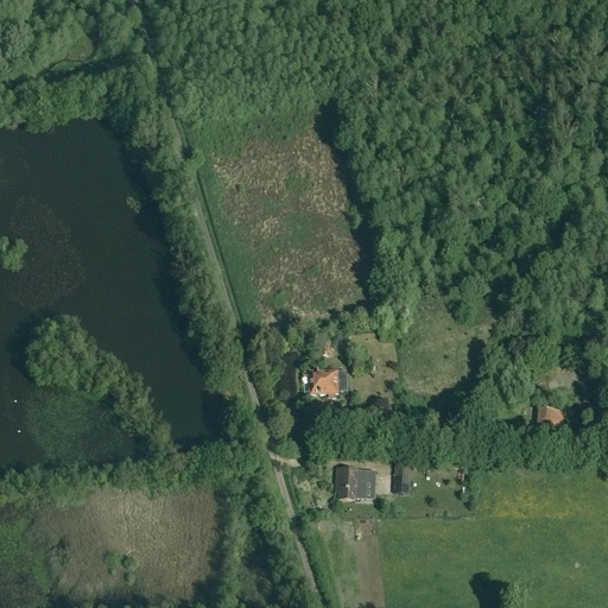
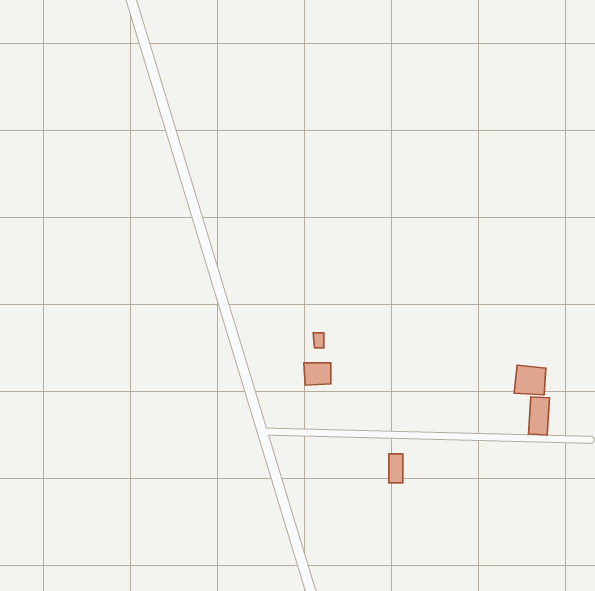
building: none -> [514,365,546,395]
building: [336,468,384,498] -> none

